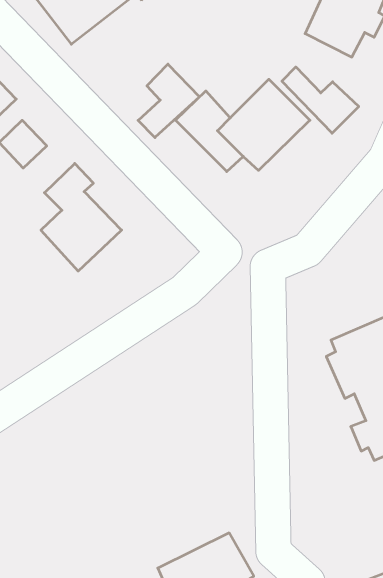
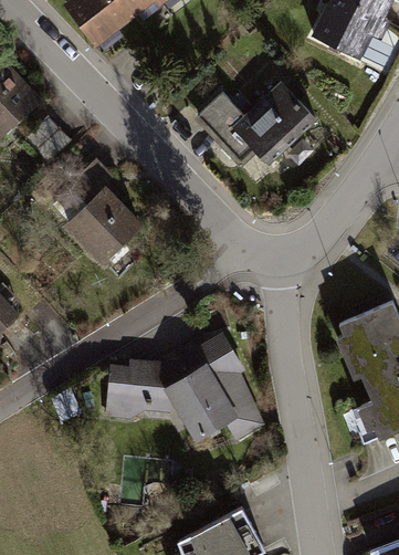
building: [138,64,199,138] -> none
building: [282,67,359,133] -> none
building: none -> [107,332,269,443]

